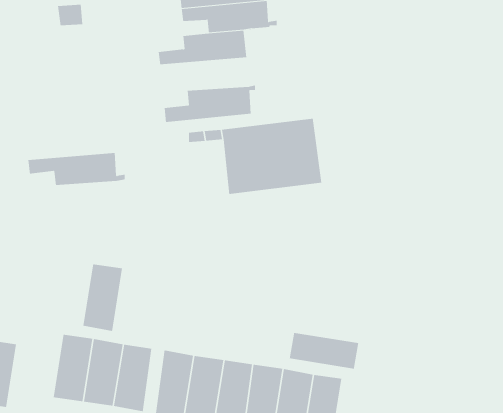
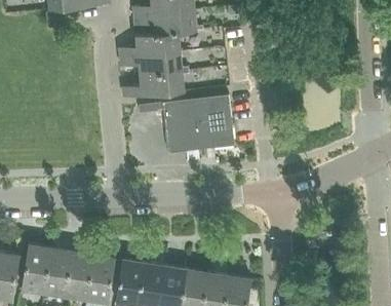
building: [28,153,126,186] -> [118,51,188,75]
building: [83,264,123,332] -> [21,245,49,294]
building: [289,332,359,370] -> none

